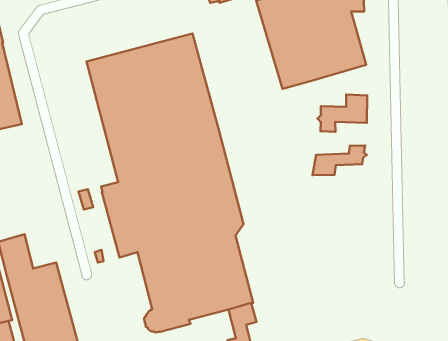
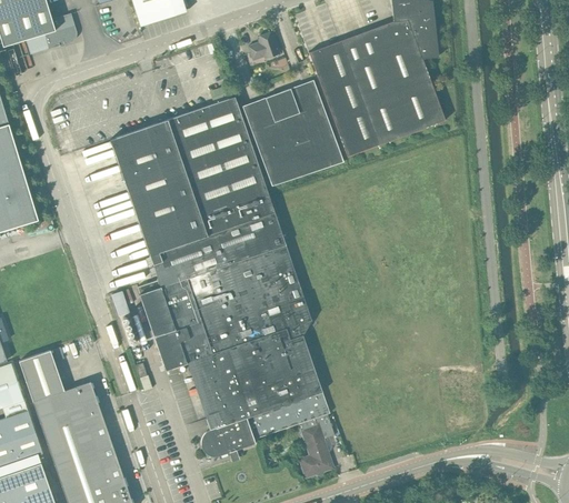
building: none -> [242,79,343,185]
building: [318,94,367,132] -> none
building: [313,145,367,175] -> none

